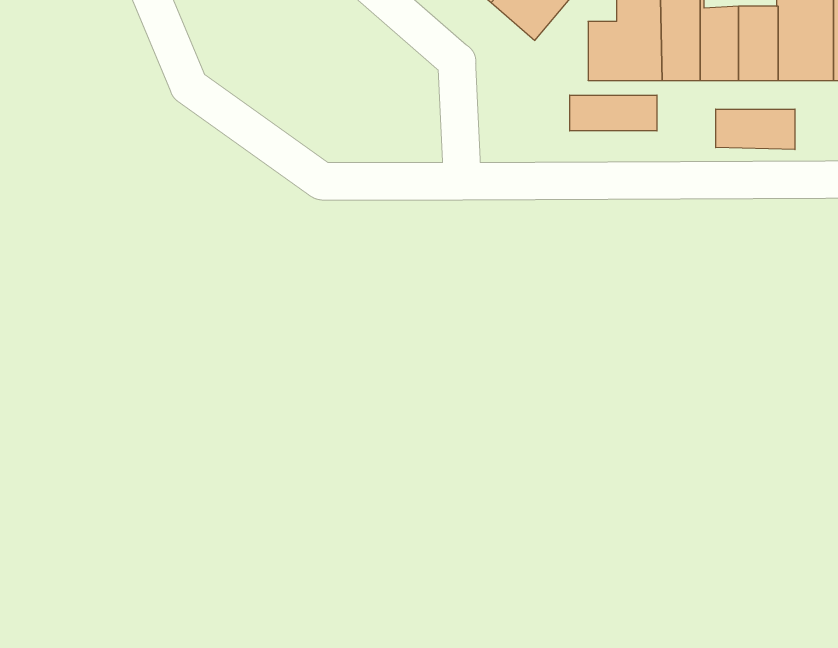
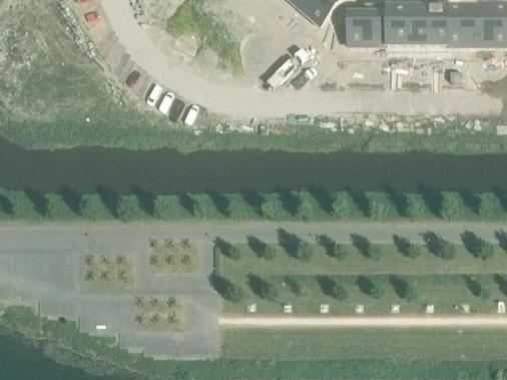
building: [570,95,657,131] -> none
building: [716,109,795,150] -> none

